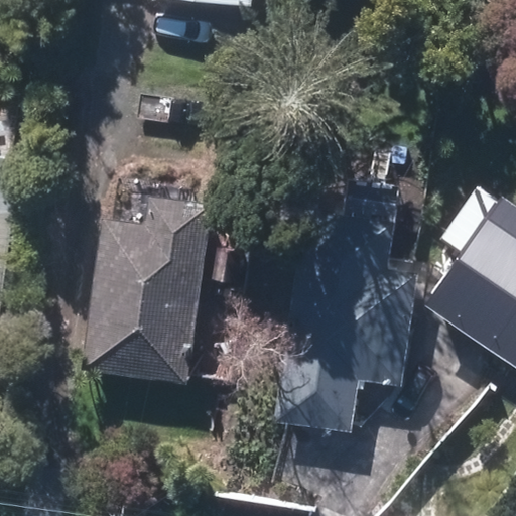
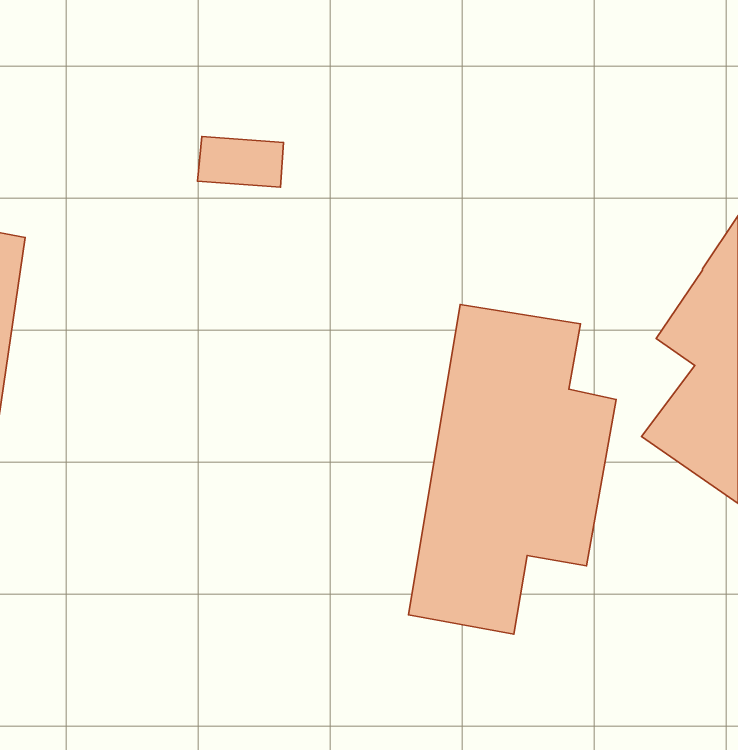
building: [82,200,212,385] -> none

